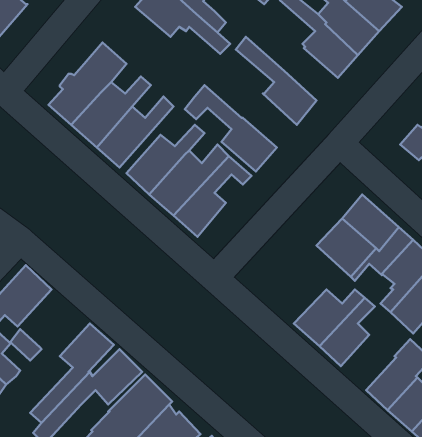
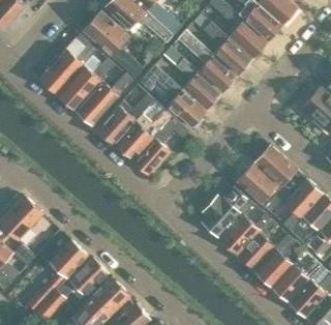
building: none -> [83,10,143,77]
building: none -> [192,12,251,76]
building: none -> [162,47,221,110]
building: none -> [200,185,251,237]
building: none -> [255,235,295,287]

